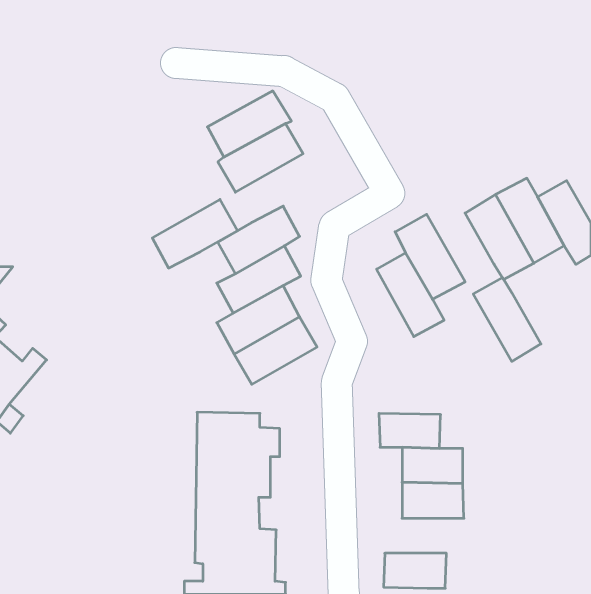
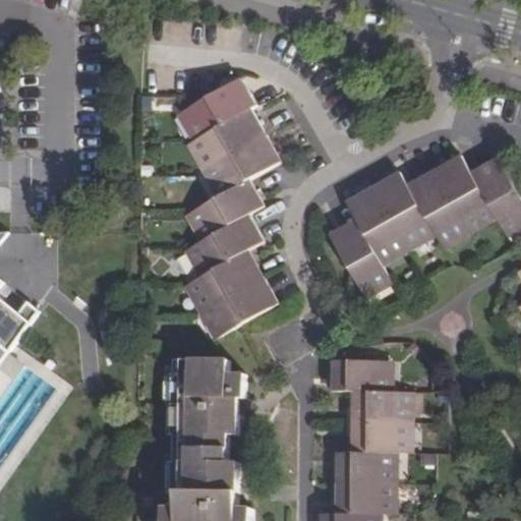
building: [152,199,237,268] -> [206,134,280,194]
building: [473,278,541,361] -> [372,173,431,246]
building: none -> [336,453,390,483]

